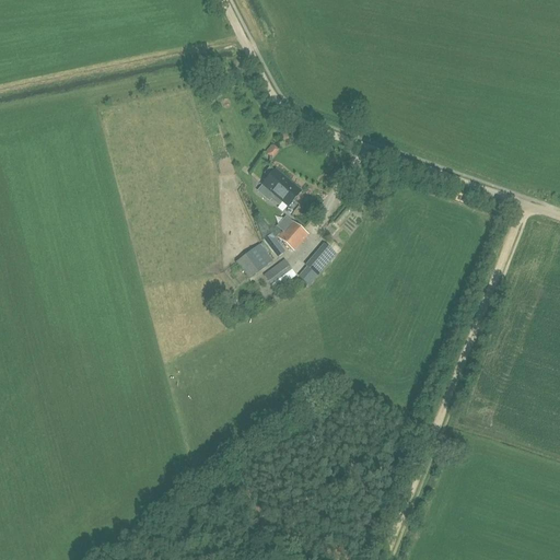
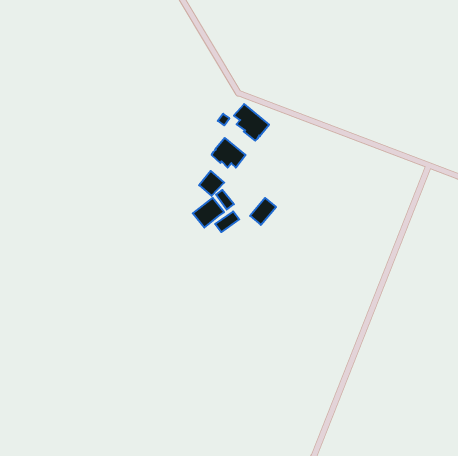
building: none -> [234,104,269,141]
building: [278,219,308,249] -> [199,171,224,196]

